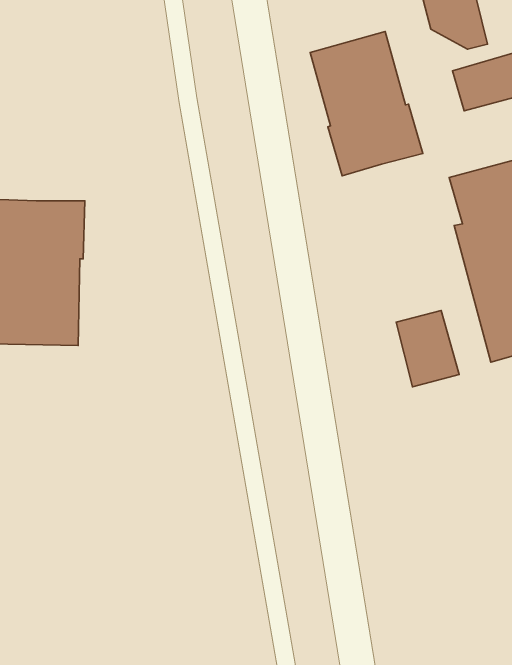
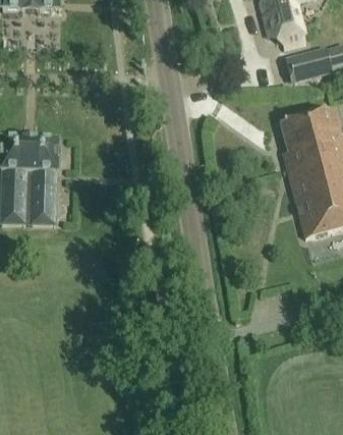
building: [310,32,423,176] -> none
building: [396,311,459,387] -> none

